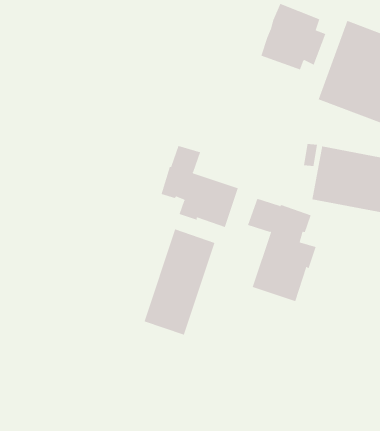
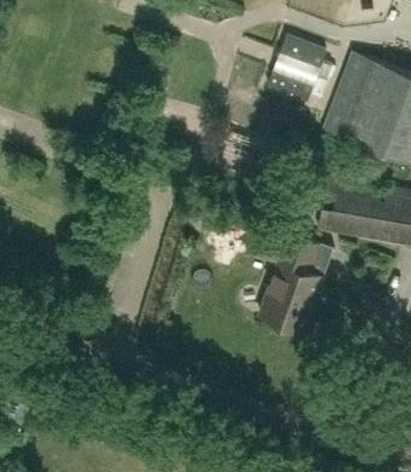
building: [161,145,239,228] -> none
building: [144,229,215,336] -> none

